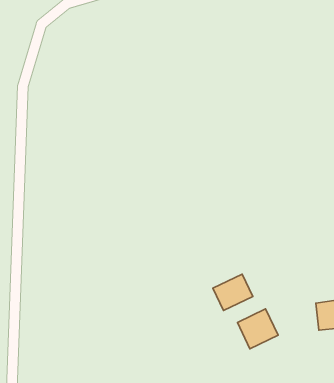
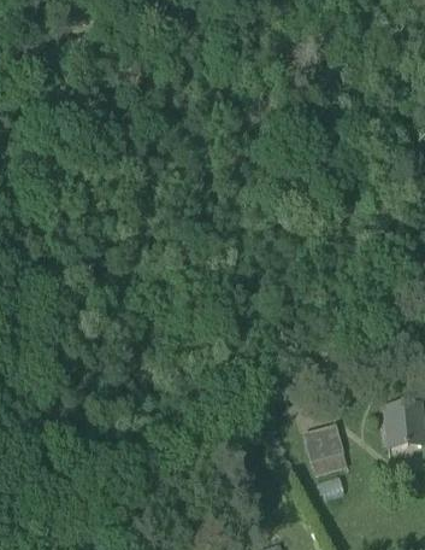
building: [213,274,253,311] -> none

